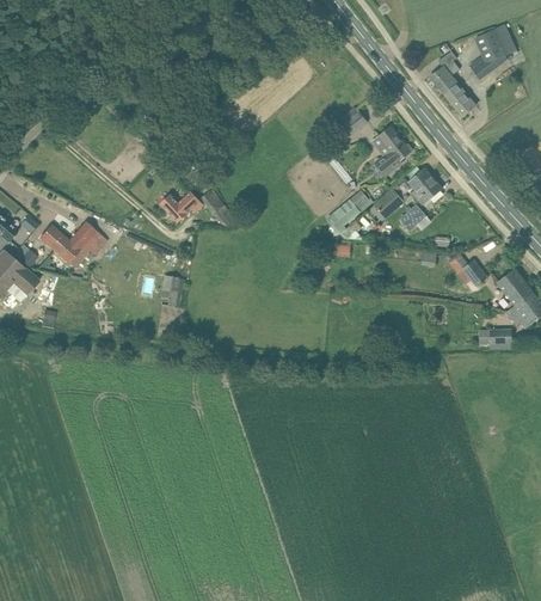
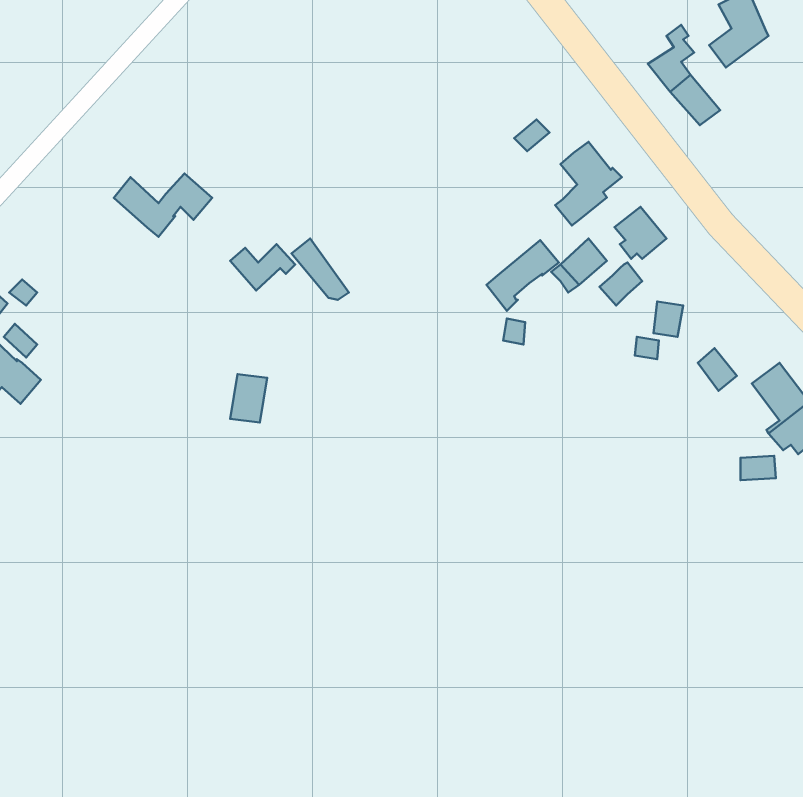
building: [41,221,104,262] -> [114,174,212,237]

